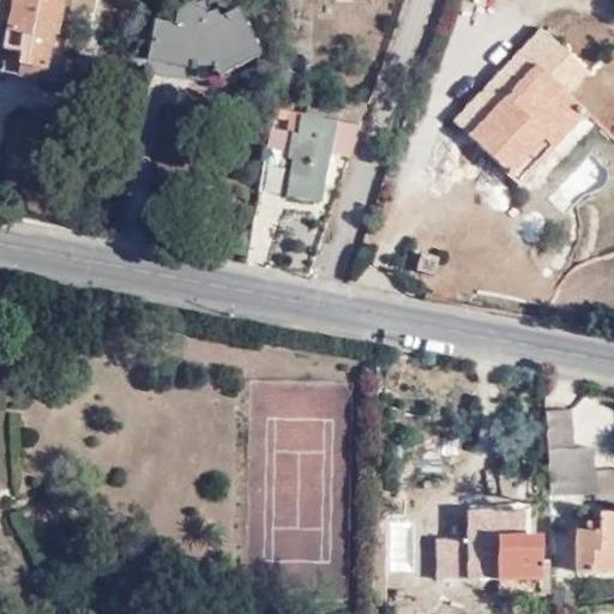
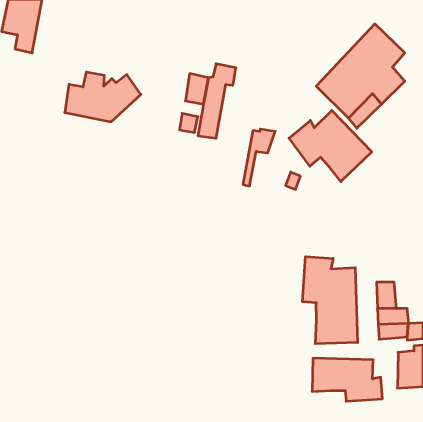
building: [150,10,260,82] -> [65,72,141,122]
building: [313,120,360,203] -> [243,129,275,186]
building: none -> [289,110,372,182]
building: none -> [303,257,358,344]

